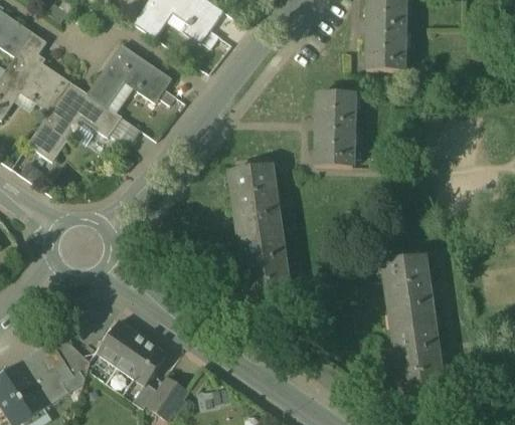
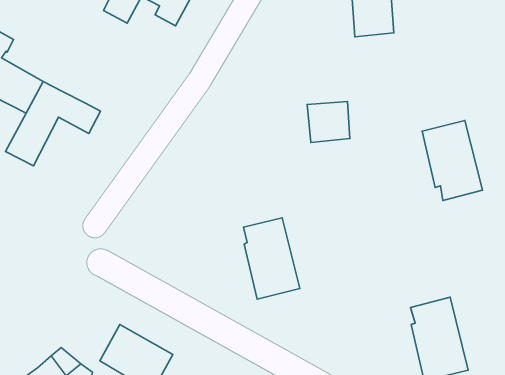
building: [88,43,172,108] -> none
building: [317,94,355,131] -> none
building: [231,165,283,239] -> none
building: [382,257,434,331] -> [422,120,482,201]

